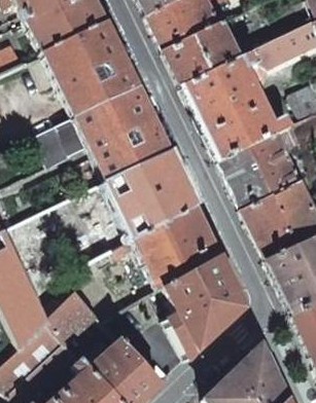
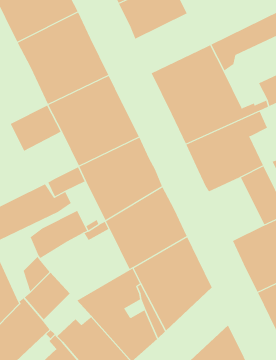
building: [165,22,239,84] -> none
building: [241,192,299,258] -> none

